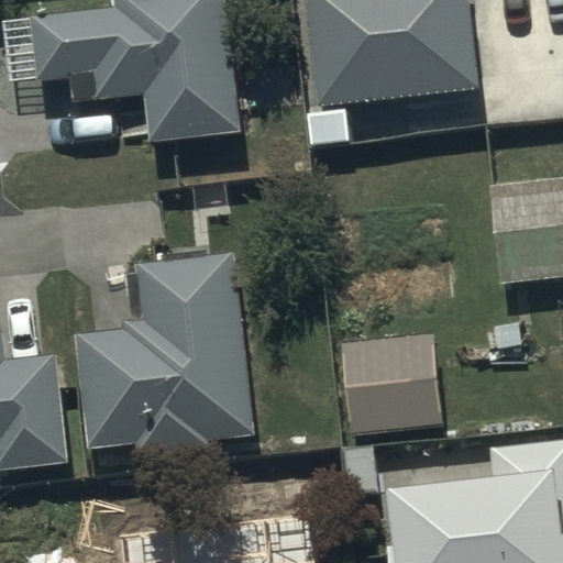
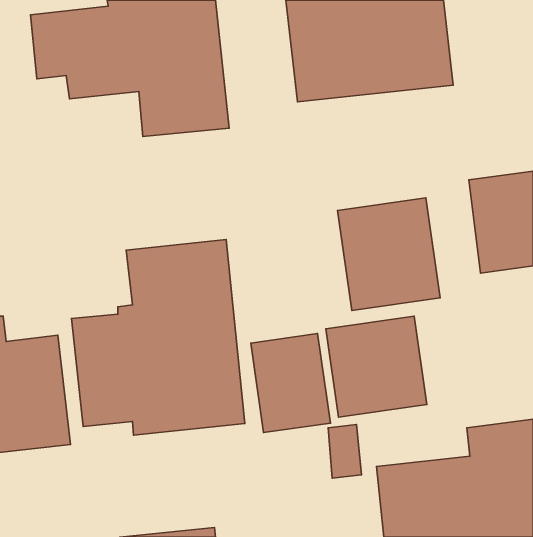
building: none -> [338,198,440,310]
building: none -> [251,334,330,433]

